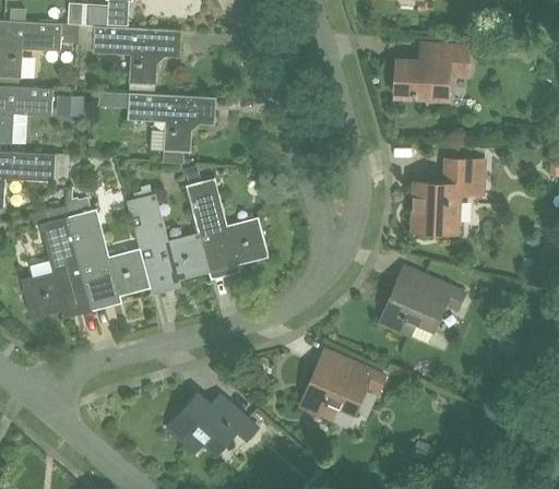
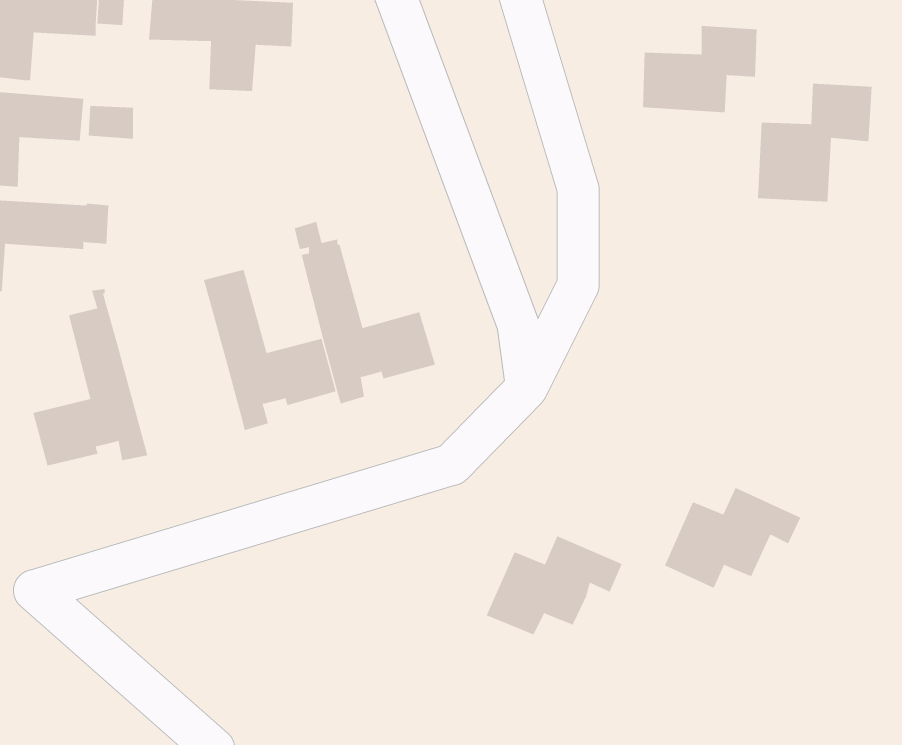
building: [128,92,217,163] -> none
building: [413,158,484,231] -> [757,83,873,202]
building: [67,187,150,308] -> none
building: [379,274,463,336] -> [664,487,801,588]
building: [168,394,258,450] -> none

